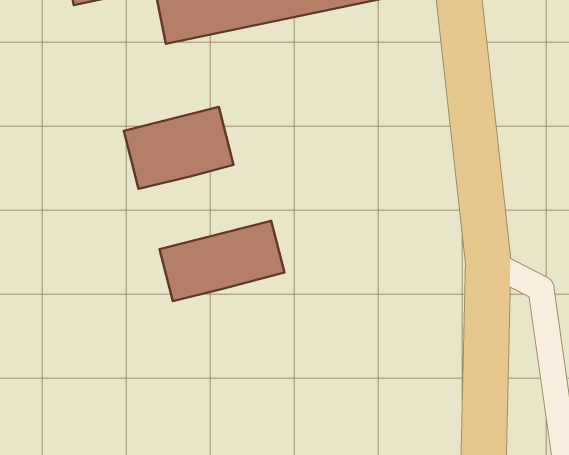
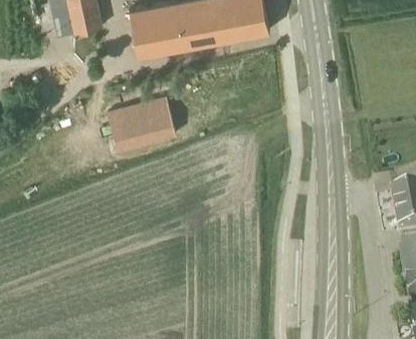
building: [159,221,285,301] -> none

